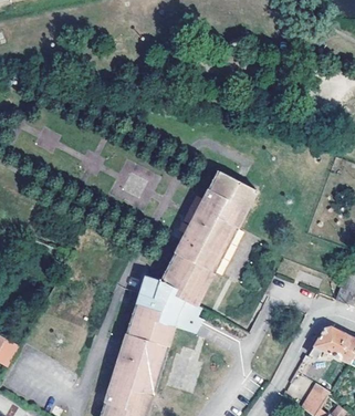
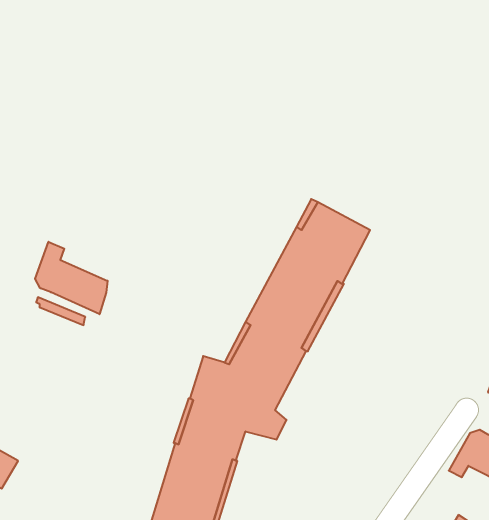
building: none -> [35,242,108,314]

